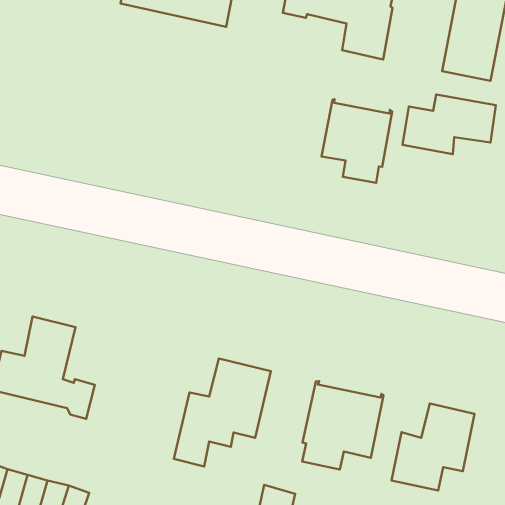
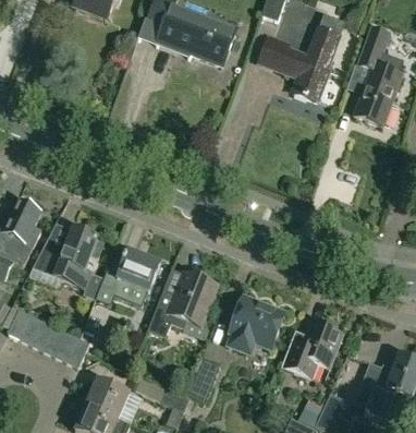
building: [402,95,496,154] -> none
building: [322,99,392,183] -> none
building: none -> [95,250,160,305]

